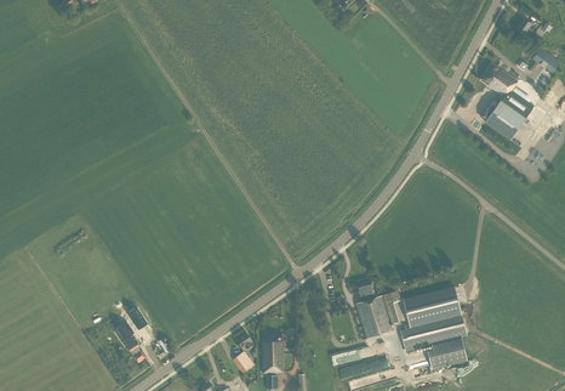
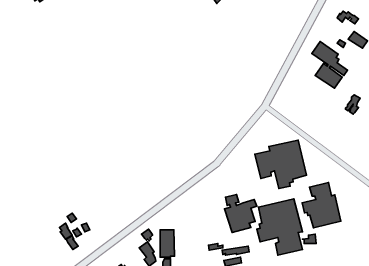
building: none -> [255,140,307,189]
building: none -> [302,183,341,228]

